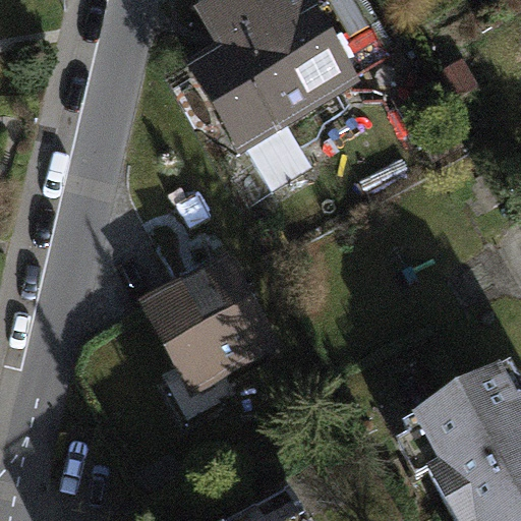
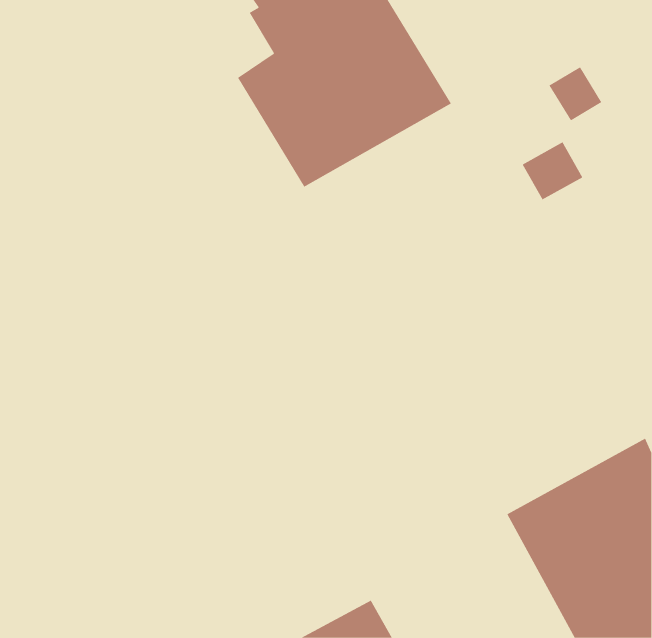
building: [134,257,280,402] -> none

